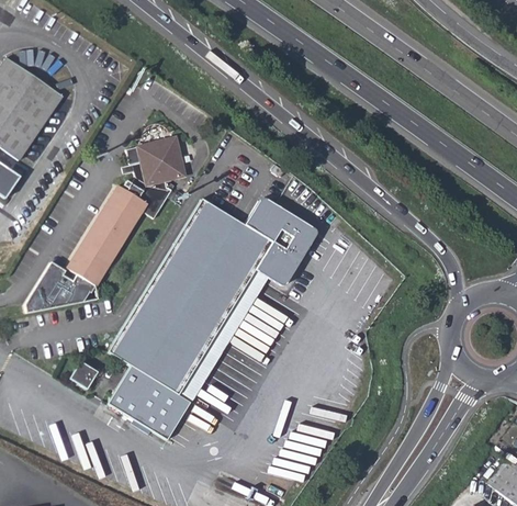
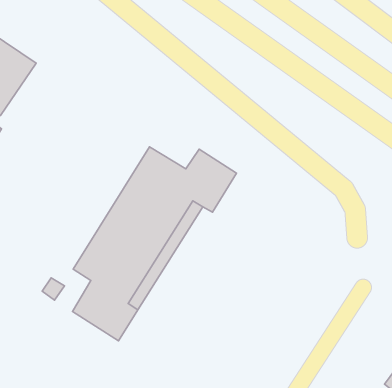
building: [25,128,189,314] -> none

